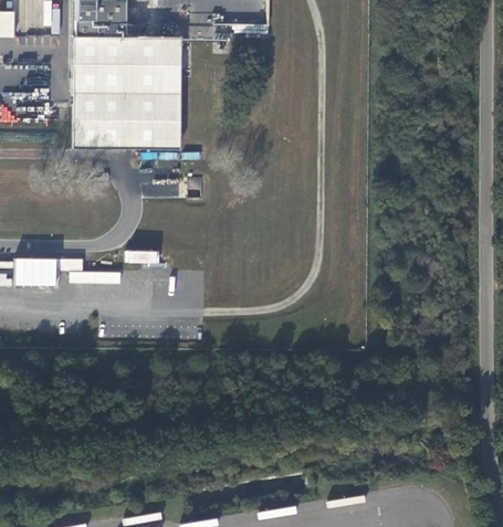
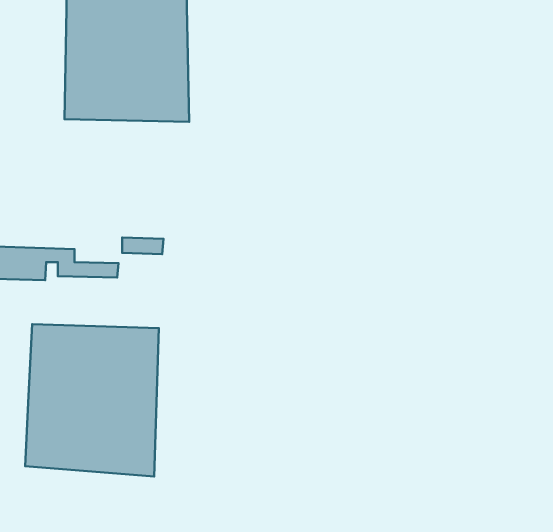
building: none -> [25,324,159,477]

